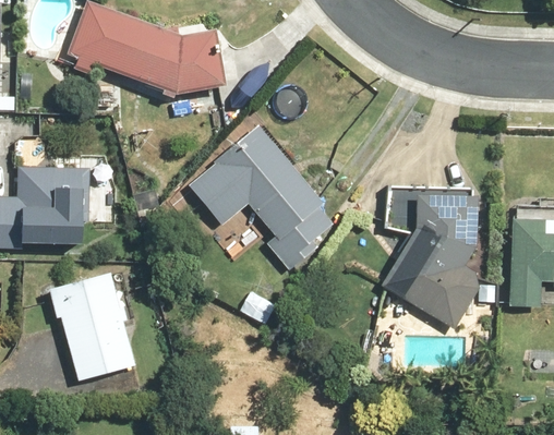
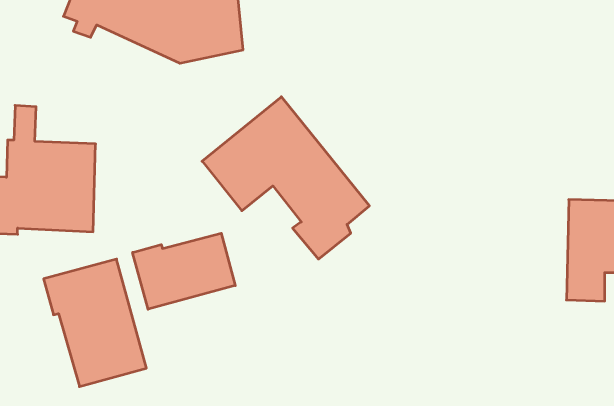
building: [381,191,485,327] -> none
building: none -> [133,233,235,309]

